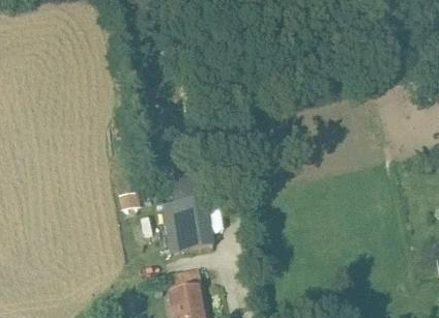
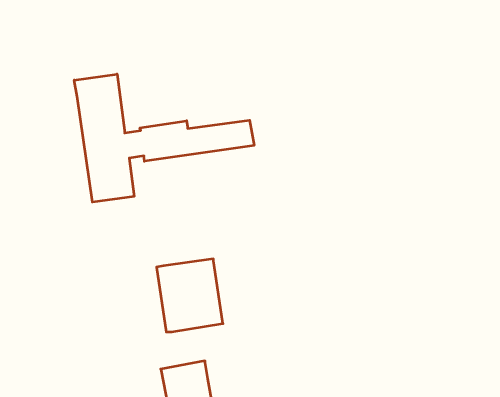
building: none -> [74,74,254,202]

